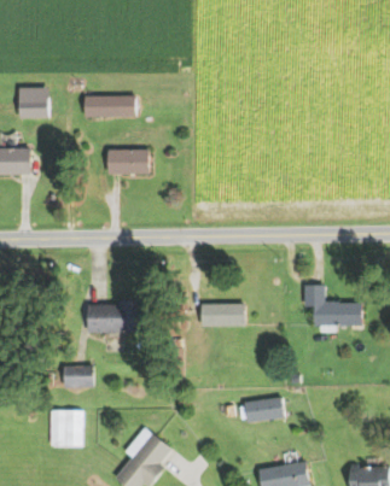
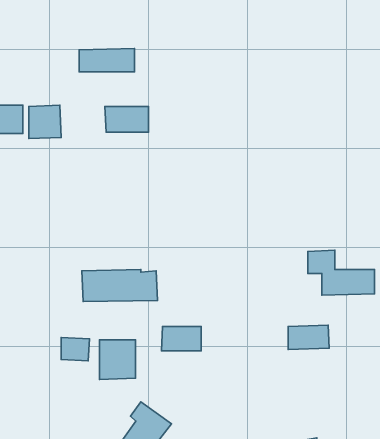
building: [18,87,48,118] -> [29,105,61,139]
building: [206,304,244,327] -> [161,326,201,351]
building: [245,398,284,421] -> [288,325,329,350]
building: [45,410,78,447] -> [99,340,135,380]

